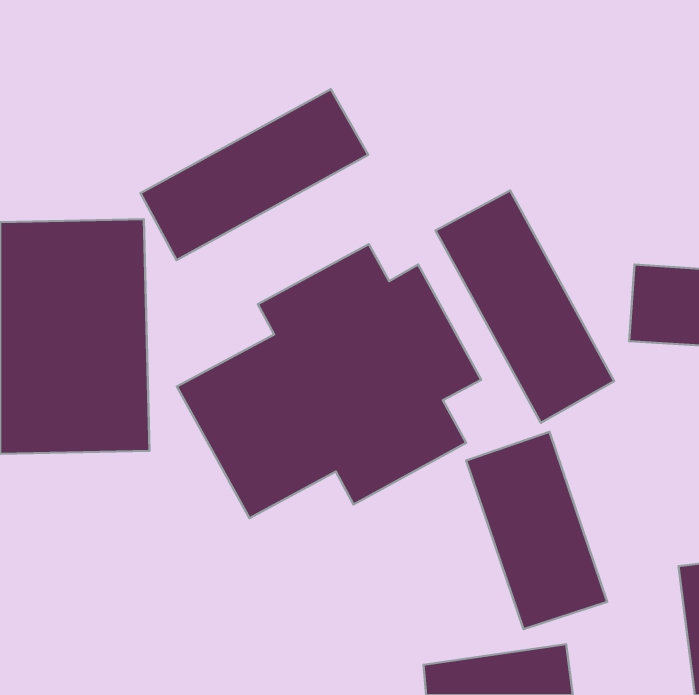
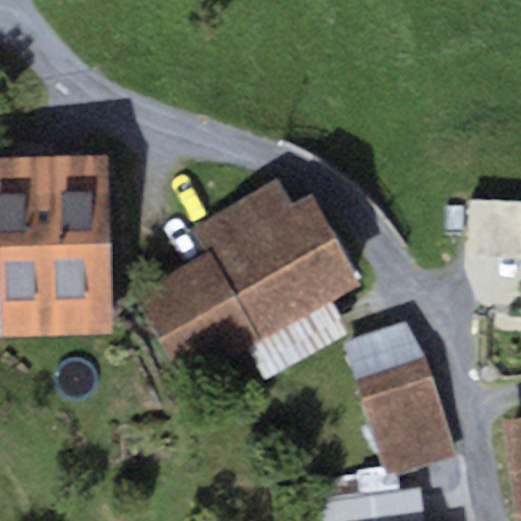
building: [140,89,368,260] -> none
building: [436,190,614,423] -> none

